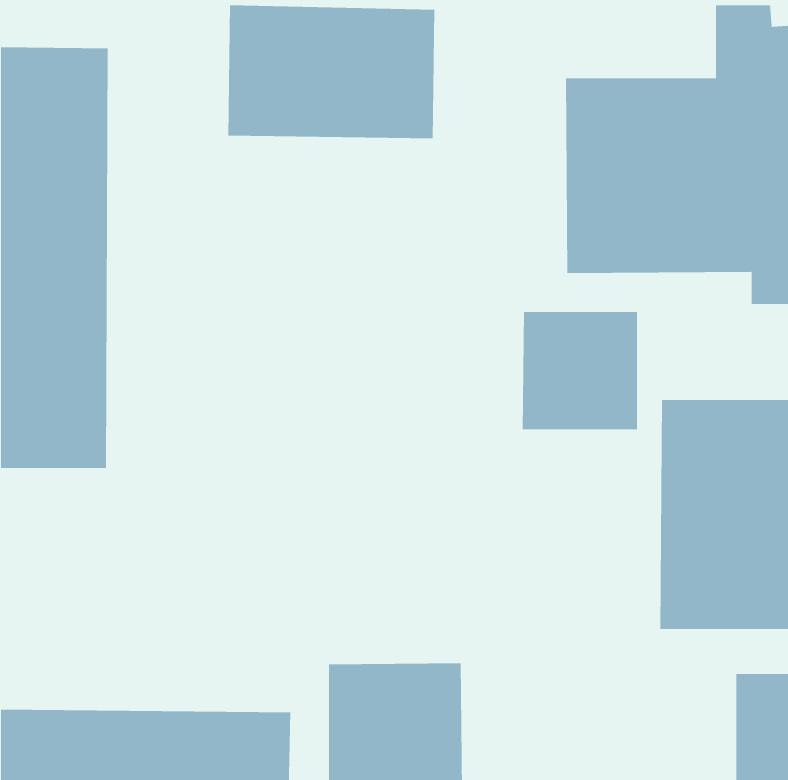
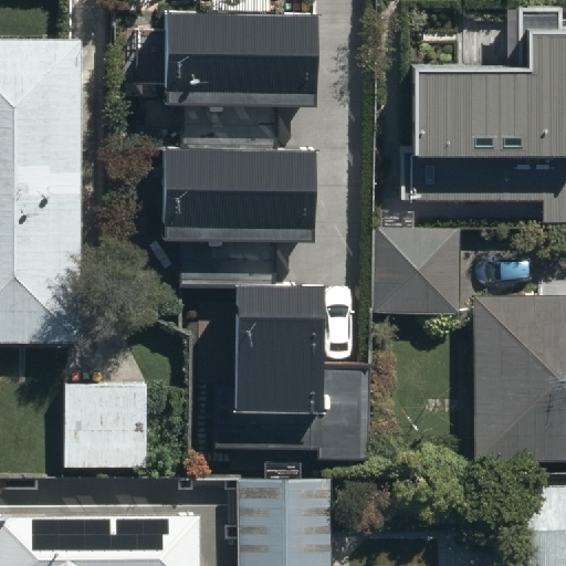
building: none -> [161,145,314,240]
building: none -> [234,281,323,408]
building: none -> [64,387,147,472]

